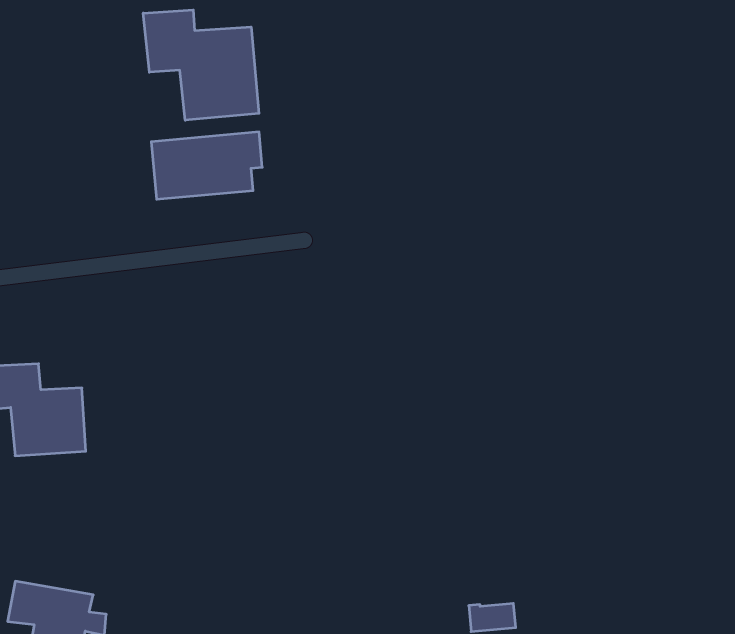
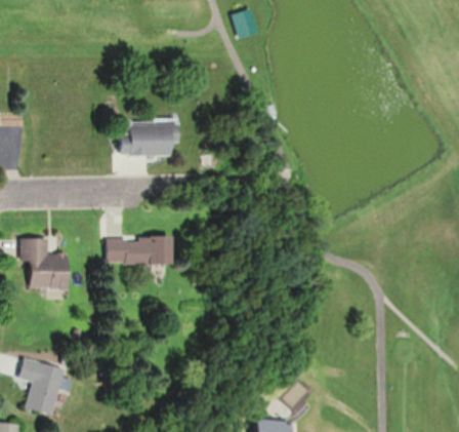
building: [143,10,259,120] -> none
building: none -> [106,237,174,264]

